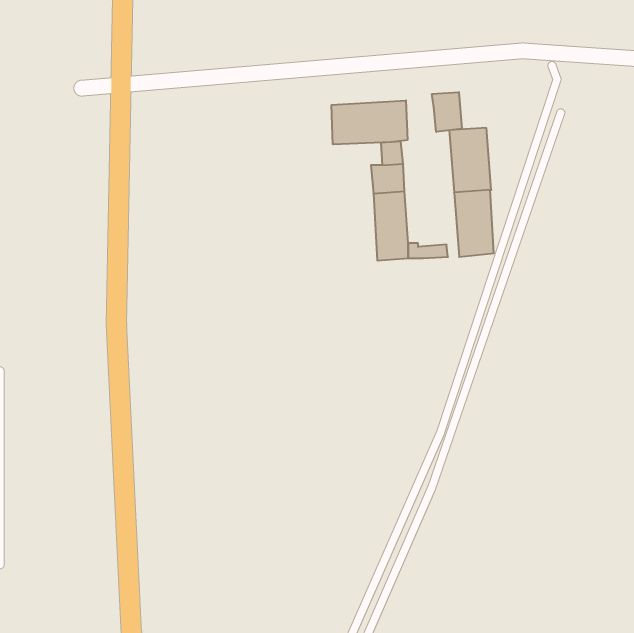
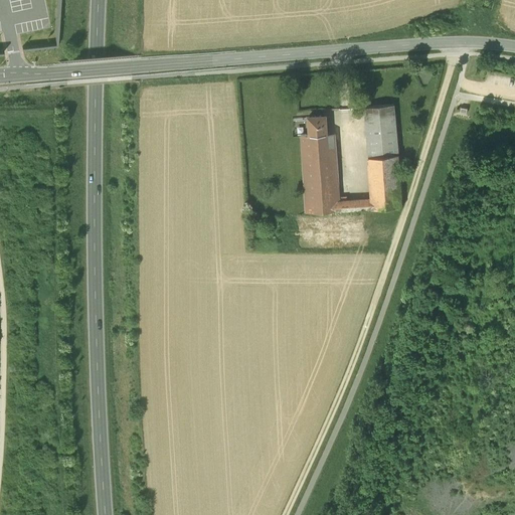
building: [432,92,462,132] -> none
building: [332,100,407,144] -> none

